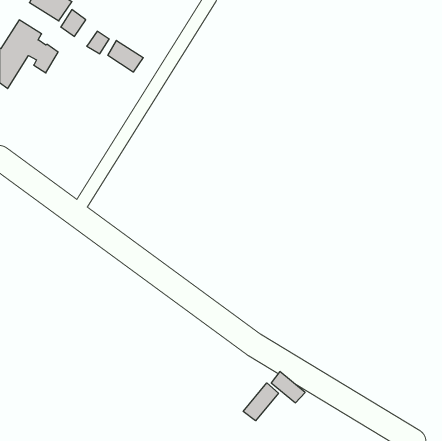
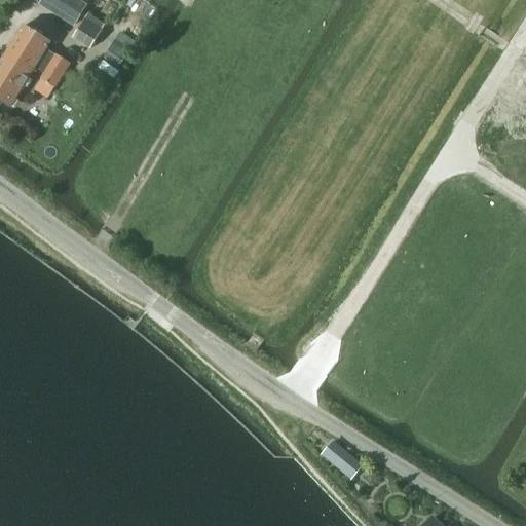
building: [108,40,143,72] -> none
building: [243,383,278,421] -> none

